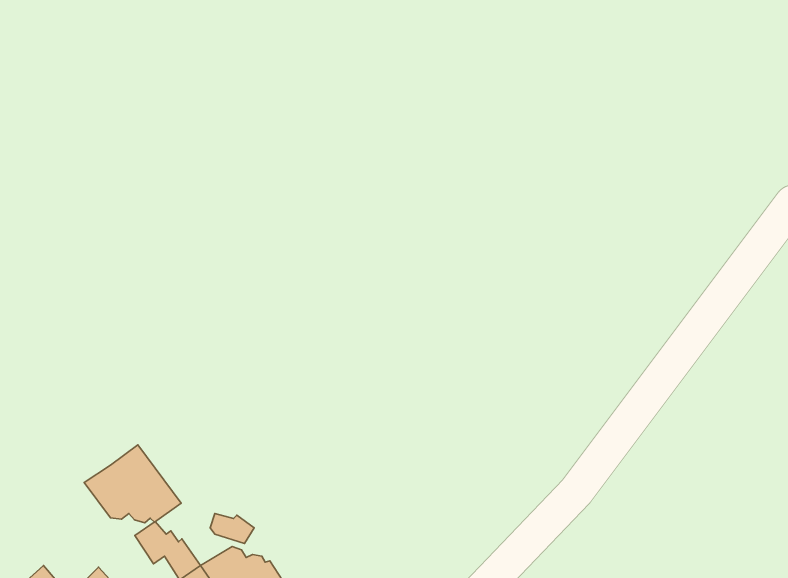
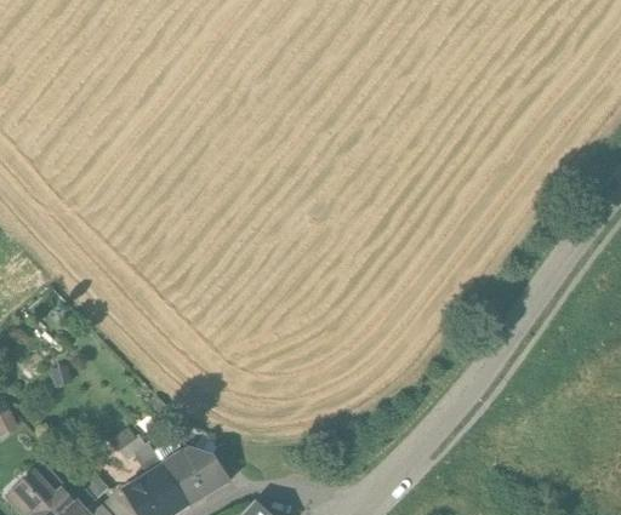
building: [84,445,181,523] -> none

